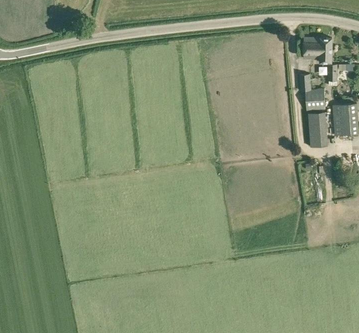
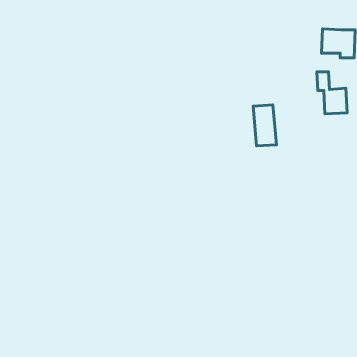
building: [307,111,327,146] -> [253,105,276,146]

